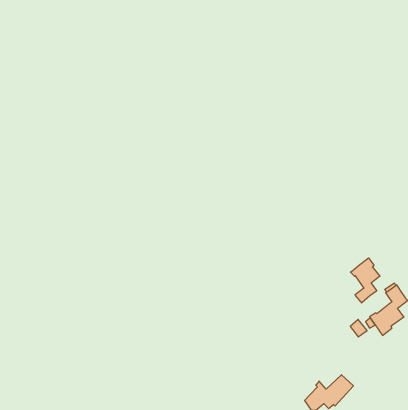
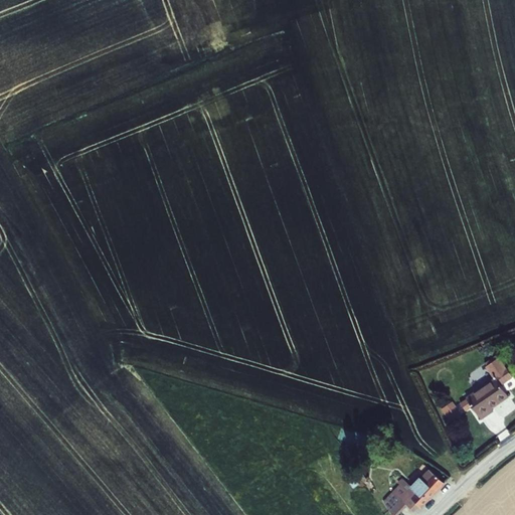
building: [350,258,380,303] -> none

